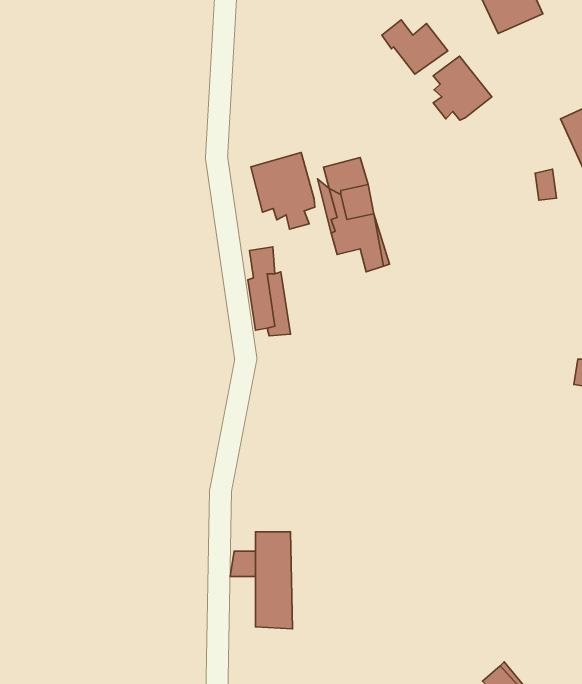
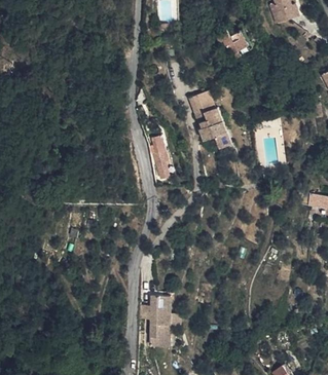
building: [433,56,492,120] -> none
building: [251,152,315,229] -> none

